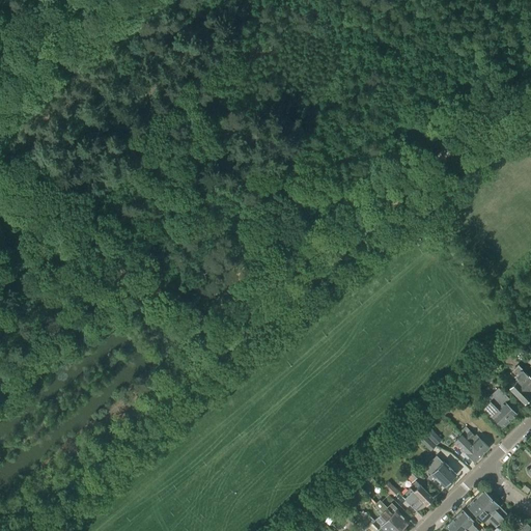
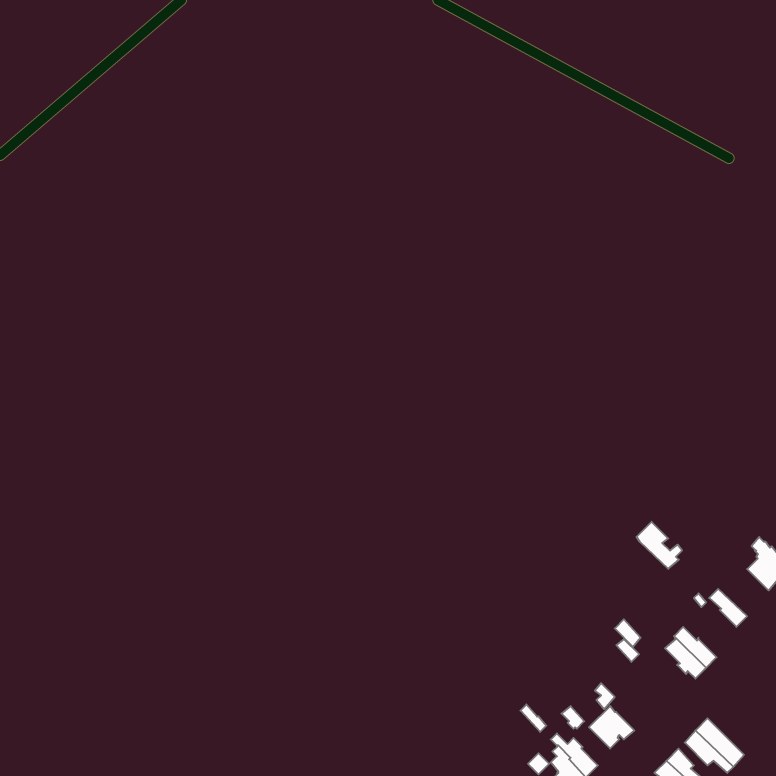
building: [488,389,520,421] -> [636,522,682,569]
building: [425,457,457,487] -> none

